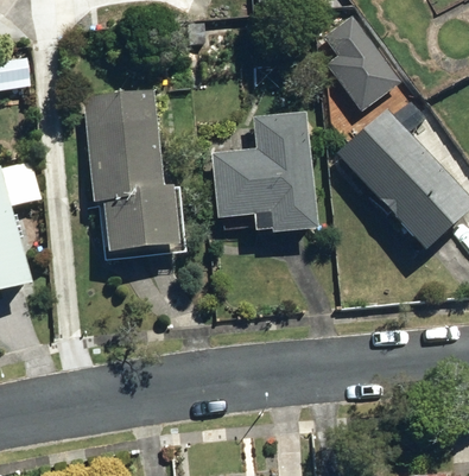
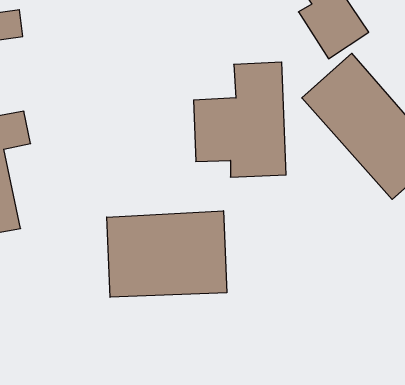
building: [83,84,184,256] -> none
building: none -> [107,211,227,297]

